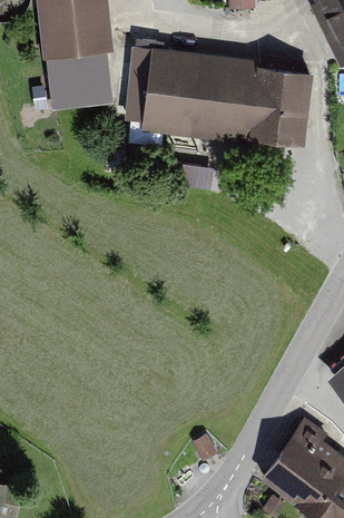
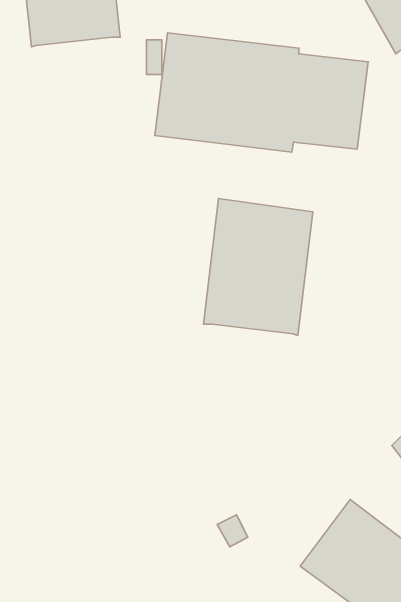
building: [47,52,114,111] -> none
building: none -> [204,199,313,336]

